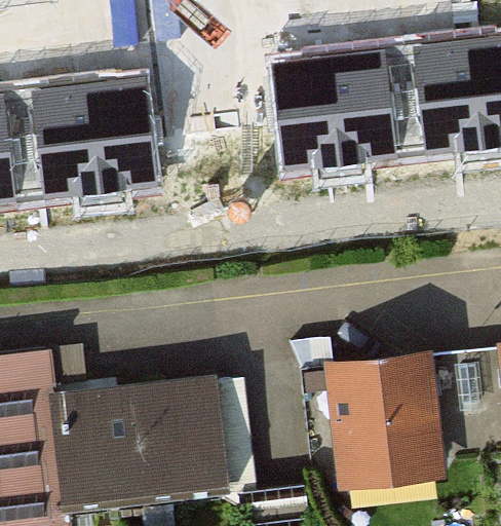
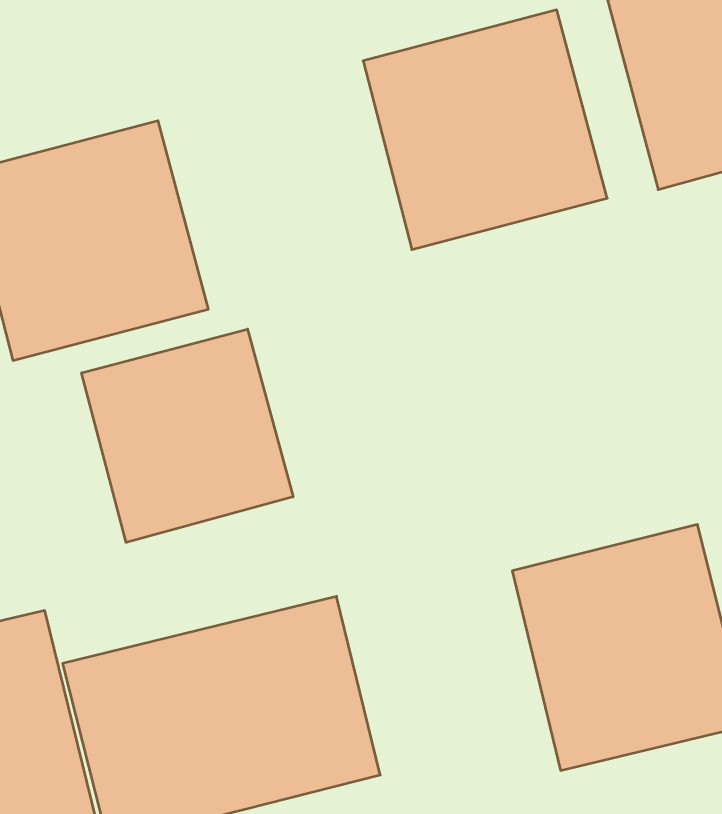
building: none -> [82,329,293,542]

